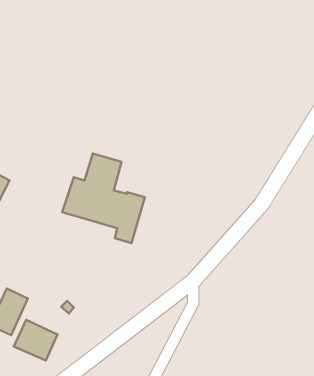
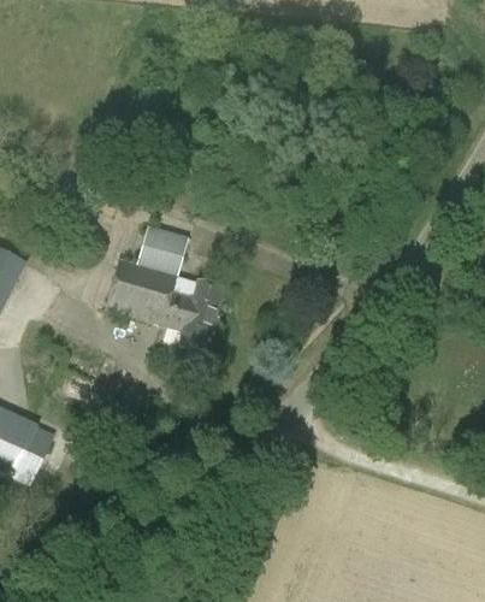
building: [14,320,58,361] -> none

